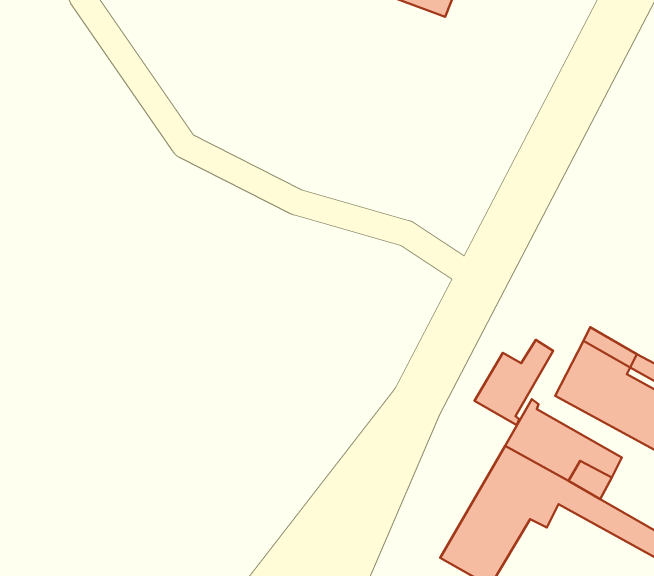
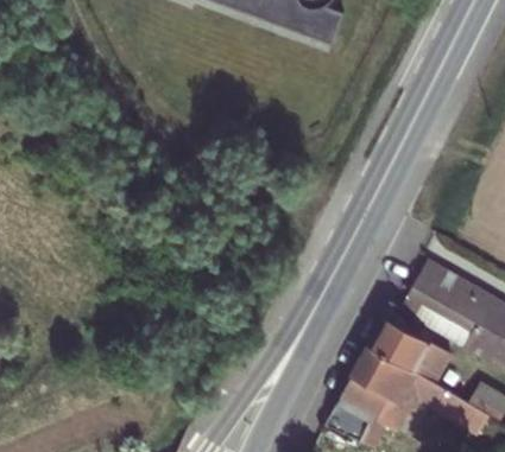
building: [474,340,553,425] -> none

